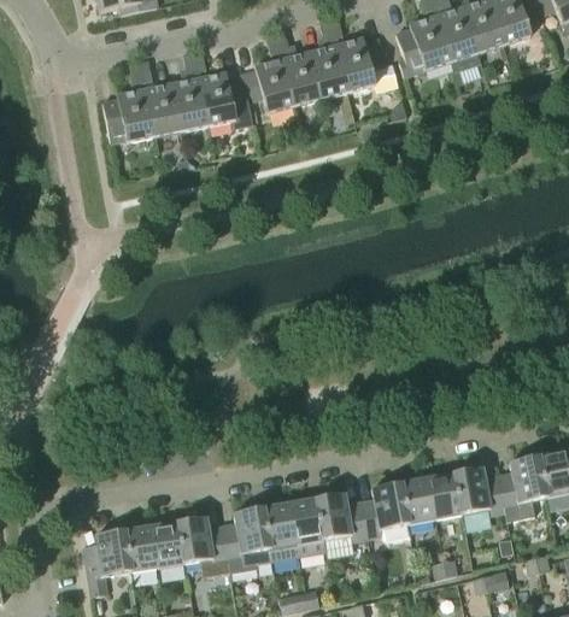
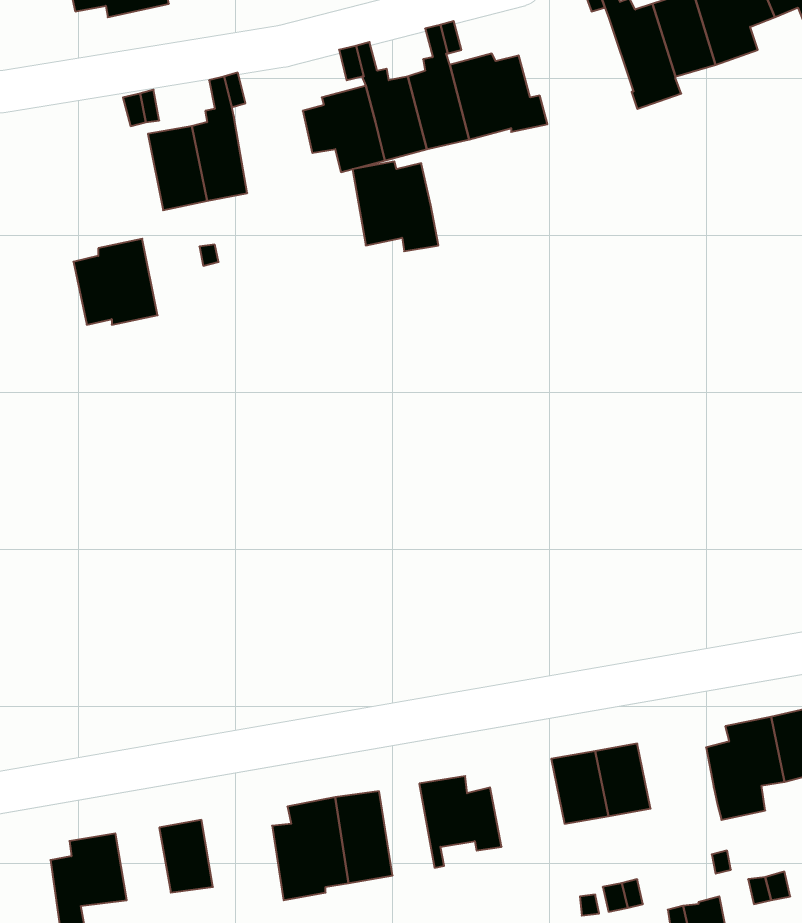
building: [395,14,451,77] -> none
building: [199,72,253,129] -> [352,161,438,251]
building: [101,88,154,142] -> [73,239,158,325]
building: [453,466,504,515] -> none
building: [360,482,410,542] -> none
building: [291,498,325,556] -> none
building: [178,516,230,576] -> none
building: [124,525,159,571] -> none

